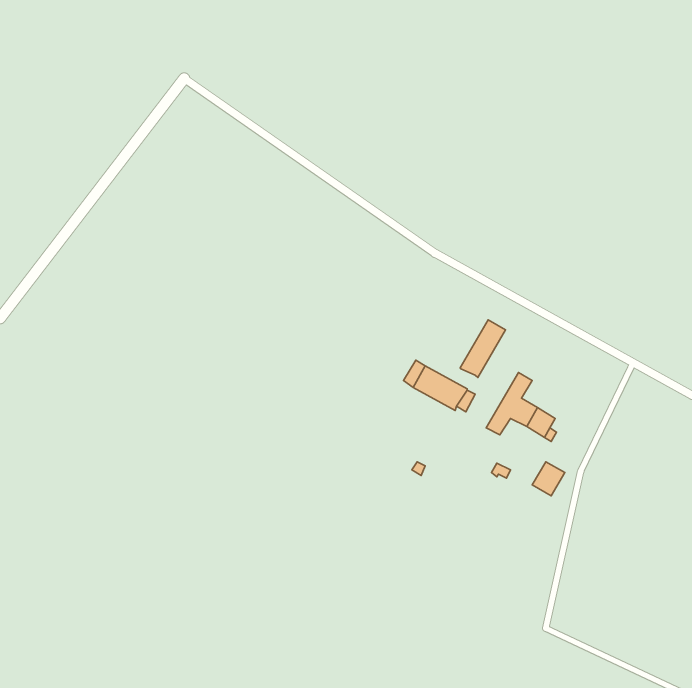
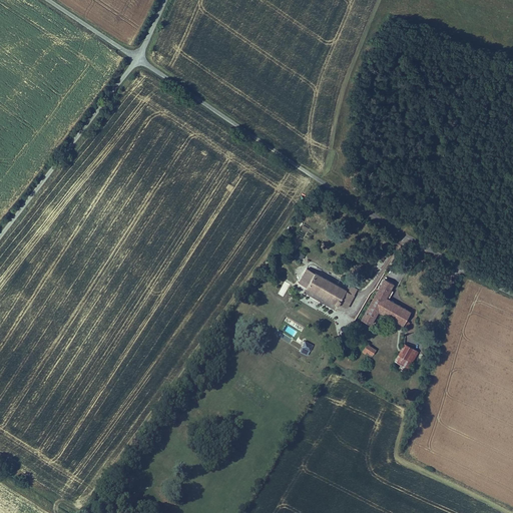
building: [460,320,506,378] -> none

